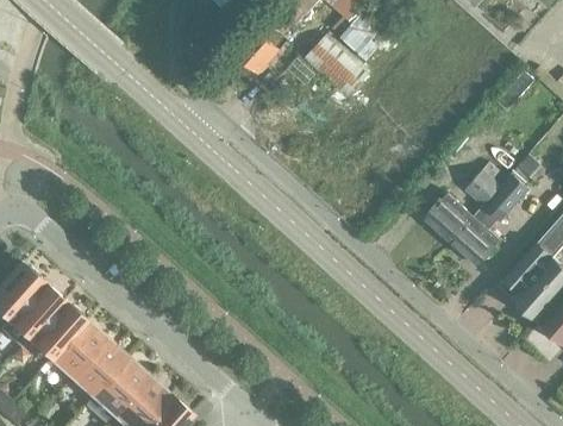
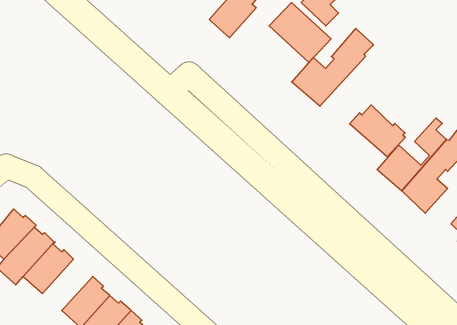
building: none -> [292,28,374,106]
building: none -> [349,105,405,157]
building: [50,319,106,376] -> none

